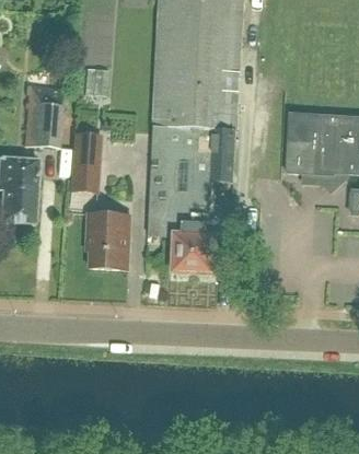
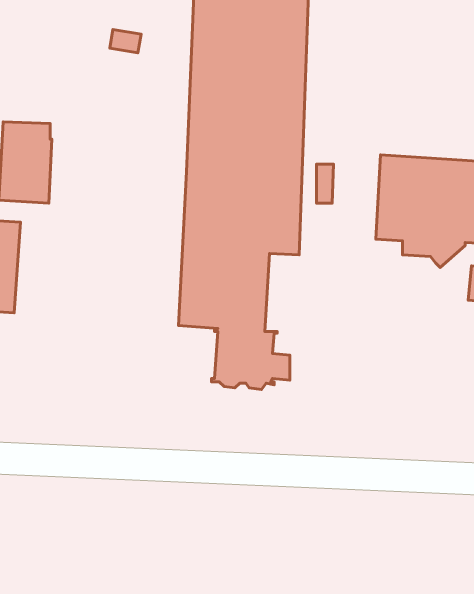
building: [70,132,100,190] -> none
building: [88,211,131,267] -> none

